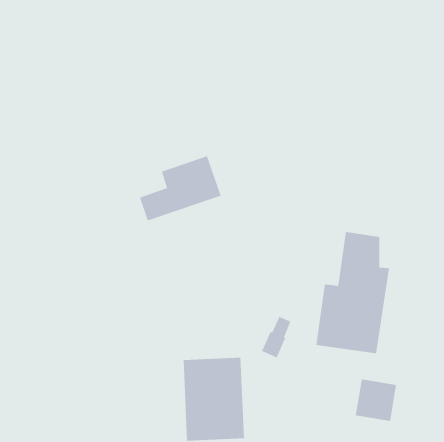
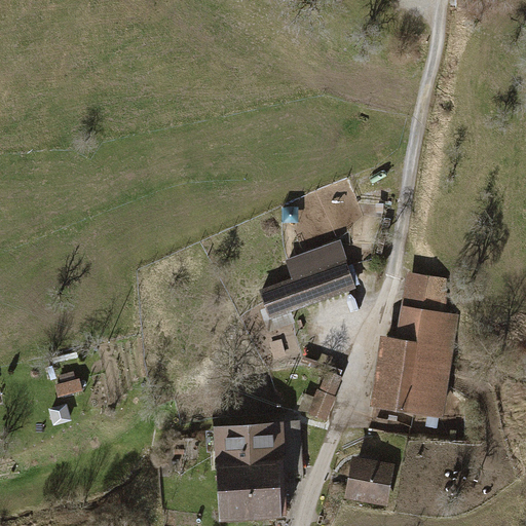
building: [139,156,221,221] -> [260,241,356,318]
building: [355,379,397,422] -> [345,456,394,506]

